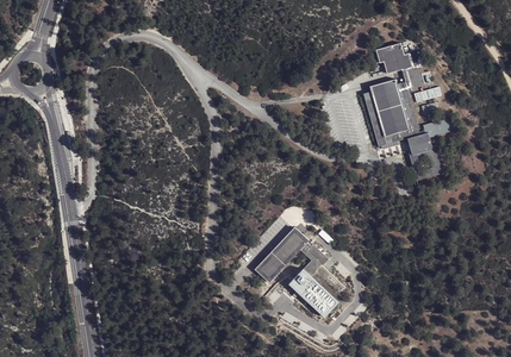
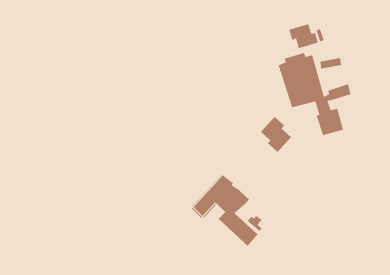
building: none -> [260,116,292,153]

